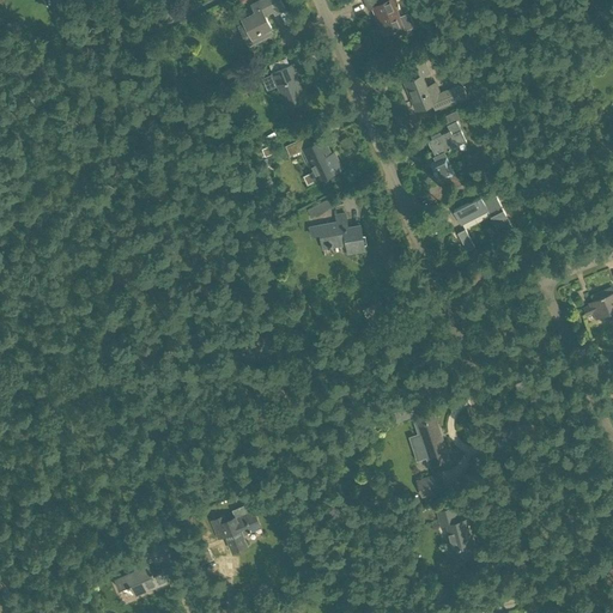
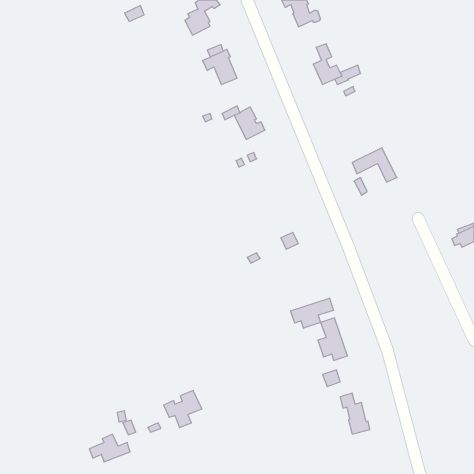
building: [427,122,465,182] -> none
building: [308,214,364,253] -> none
building: none -> [291,298,334,328]

